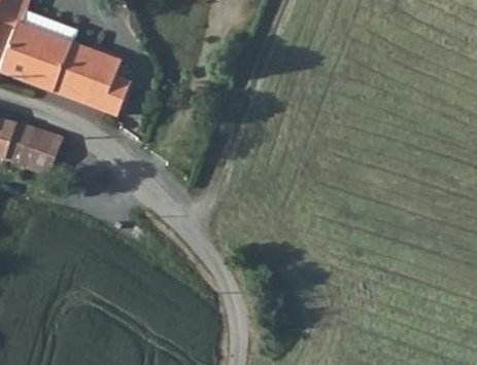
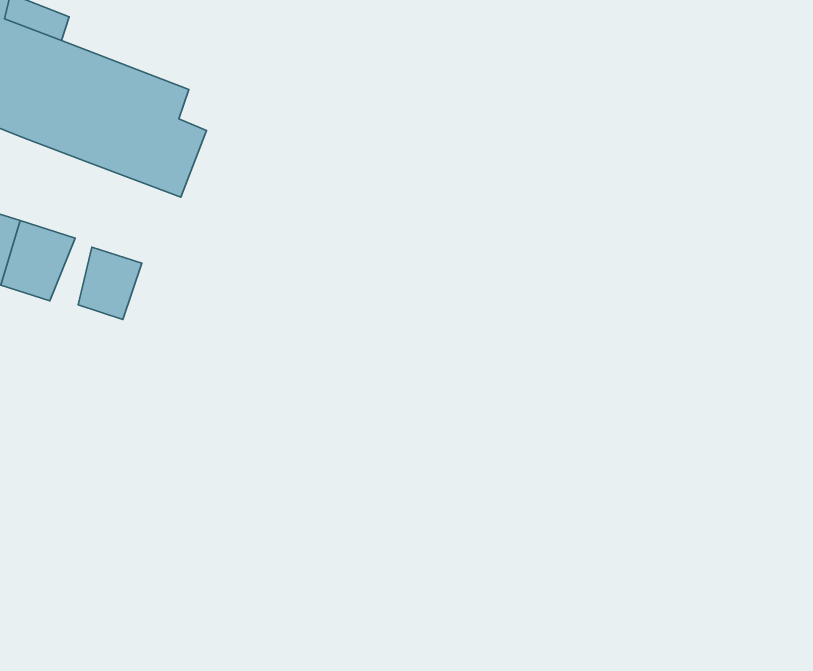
building: none -> [78,247,142,319]

